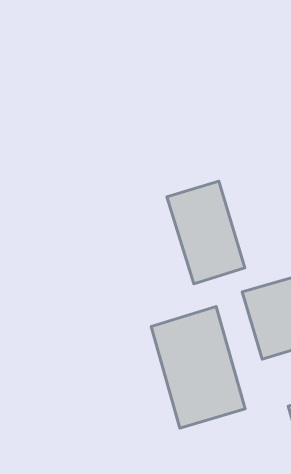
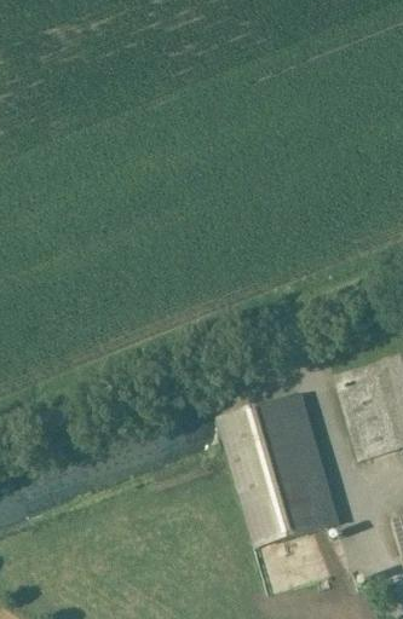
building: [167,181,245,284] -> none

